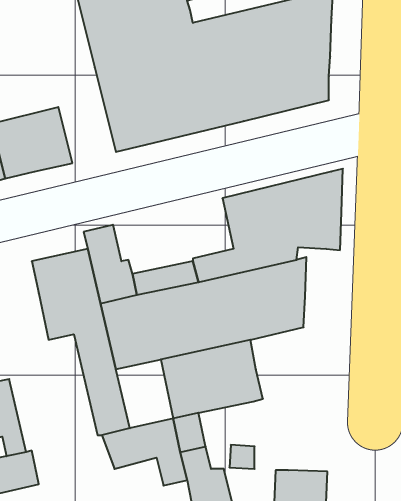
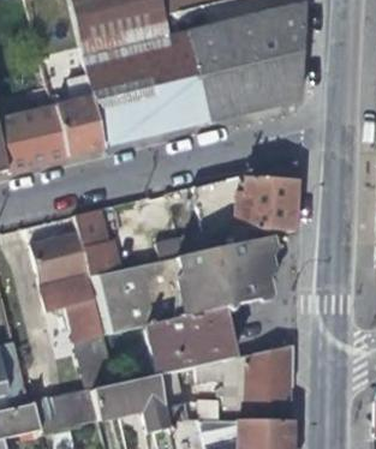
building: none -> [55,74,105,156]
building: none -> [222,345,287,420]
building: none -> [32,389,103,431]

